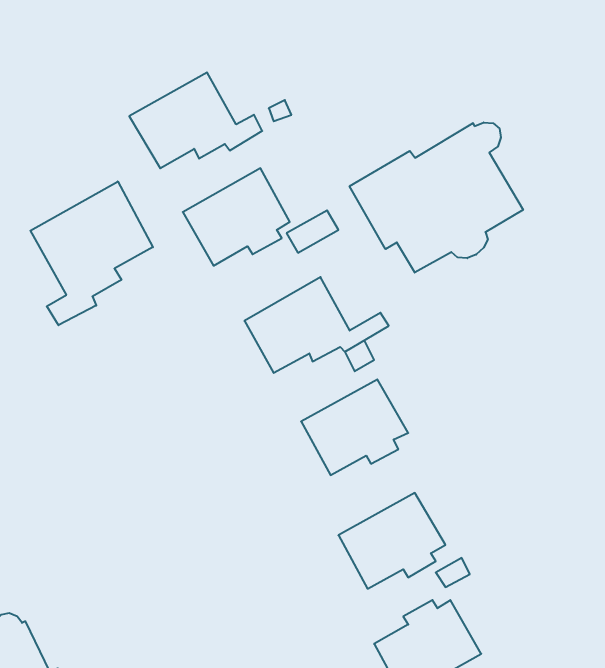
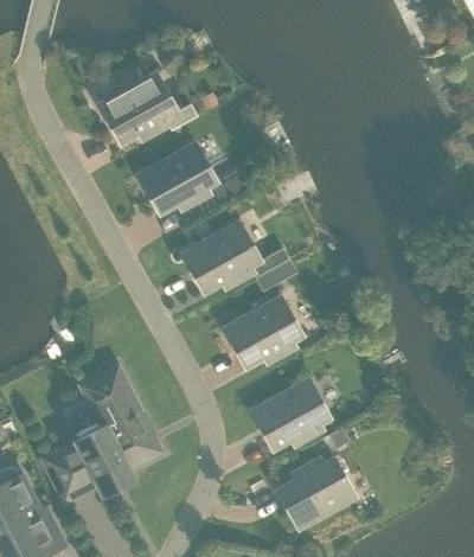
building: [350,122,523,273] -> none
building: [30,181,153,325] -> none
building: none -> [43,366,160,500]

